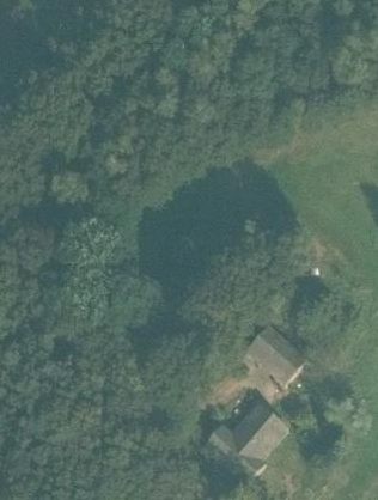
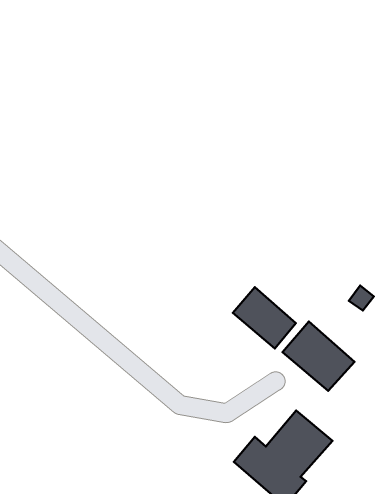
building: none -> [233,287,296,349]

